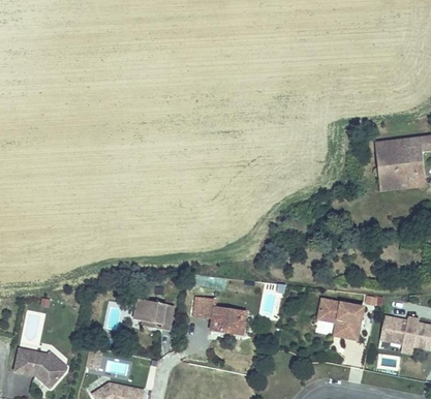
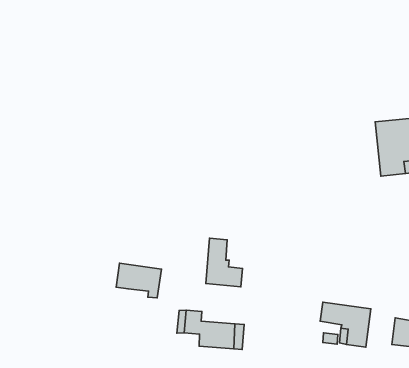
building: none -> [206,238,242,287]
building: [133,298,174,330] -> [116,263,162,298]

